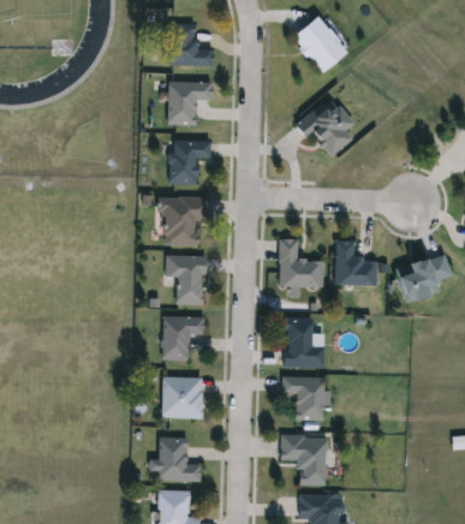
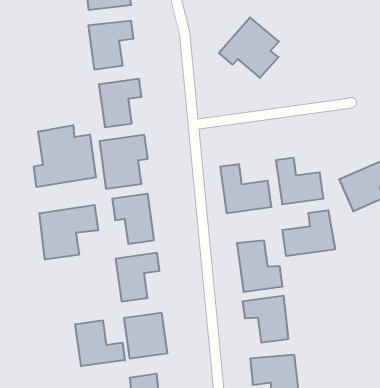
building: none -> [34,125,96,187]
building: none -> [40,205,98,260]
building: none -> [282,210,335,256]
building: none -> [75,320,125,366]

